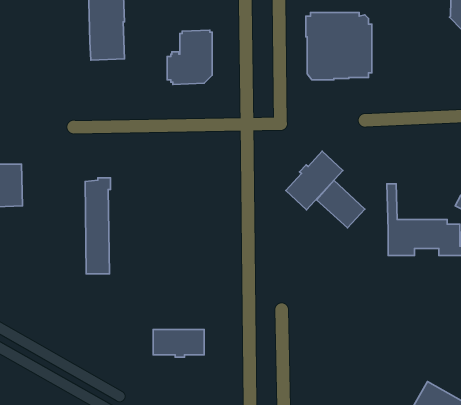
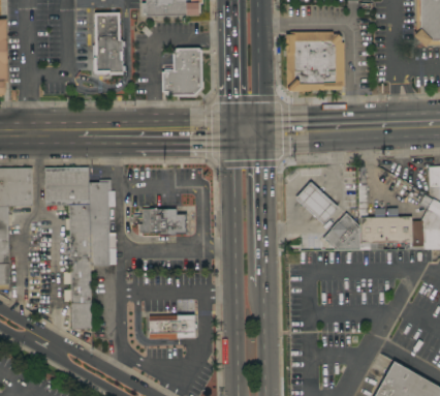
building: [286,151,343,210] -> none
building: none -> [45,167,92,329]
building: none -> [139,209,189,237]
building: none -> [323,213,359,250]

